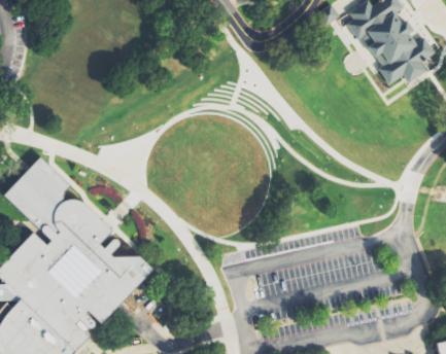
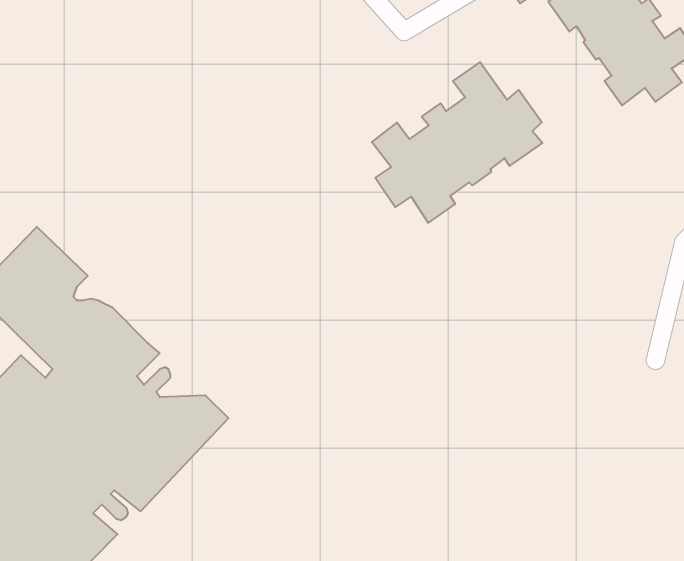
building: none -> [372,62,542,223]

